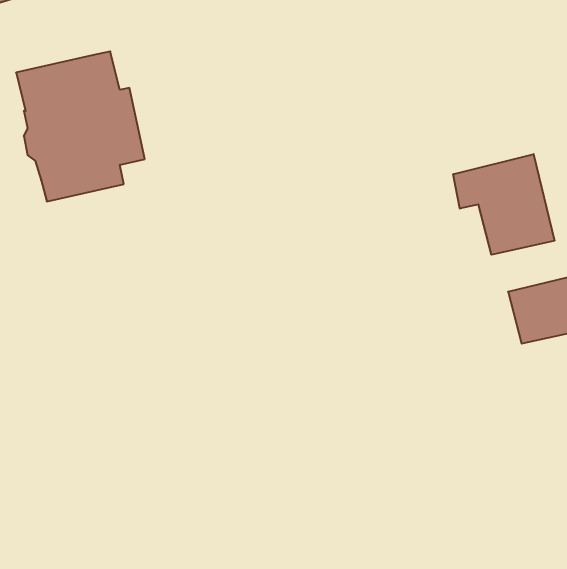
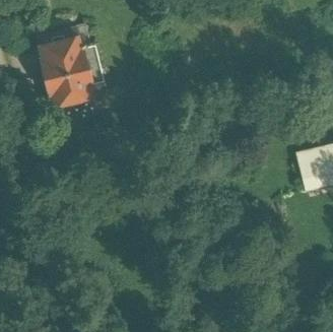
building: [453,154,554,255] -> none

